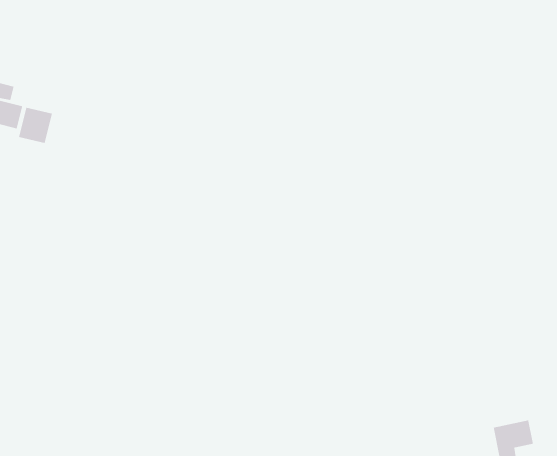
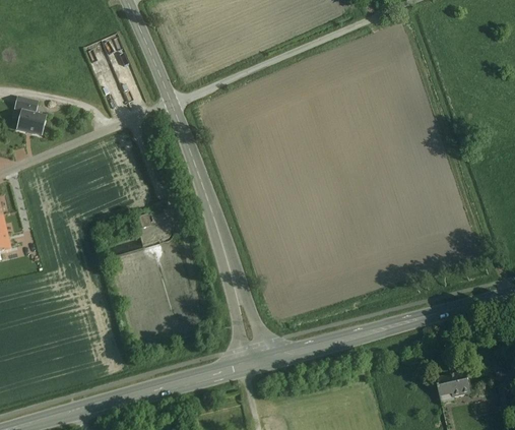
building: [18,107,53,144] -> none

